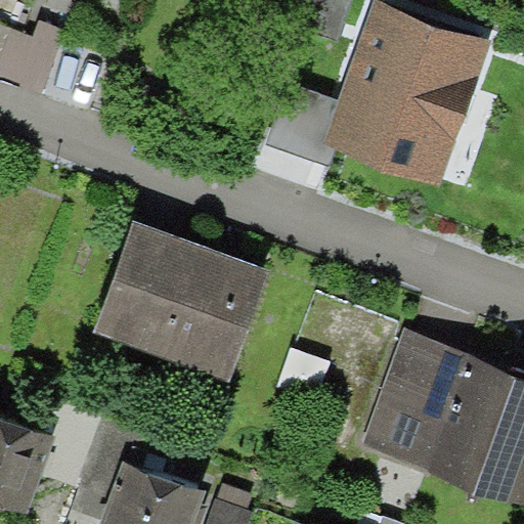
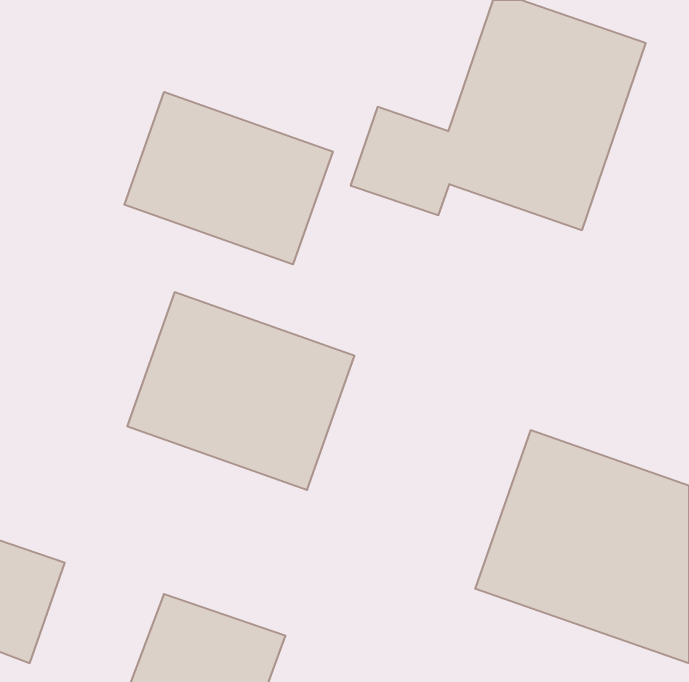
building: none -> [124,92,333,264]

